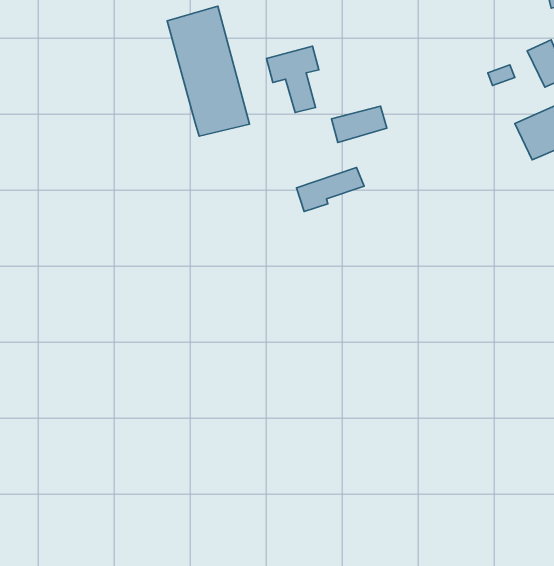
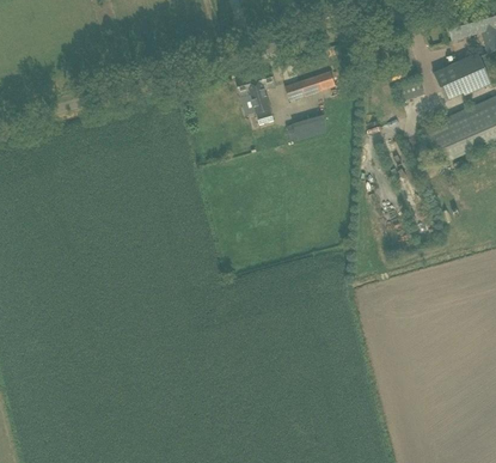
building: [167,6,249,136] -> none
building: [296,167,364,212] -> [286,71,337,104]

